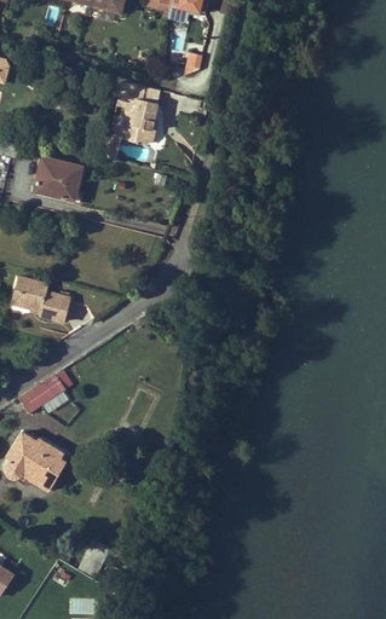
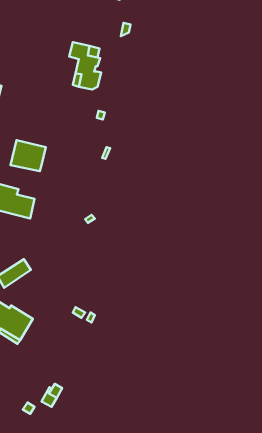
building: [34,157,82,199] -> [10,140,46,171]

